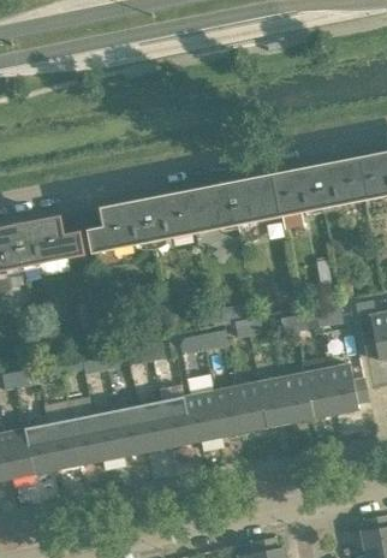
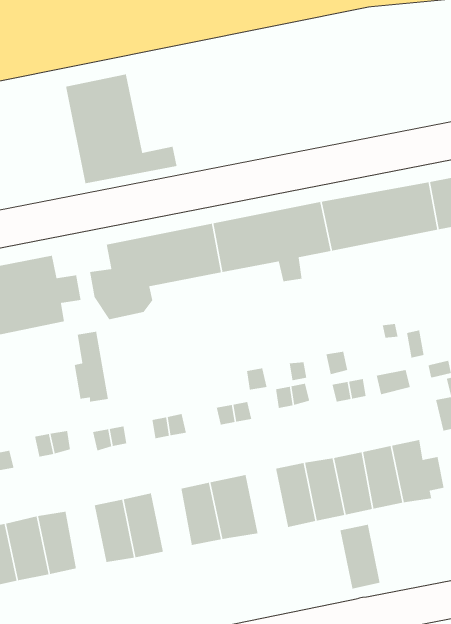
building: none -> [65,74,177,184]
building: [212,385,244,437] -> [339,524,381,589]
building: [137,400,168,451] -> none
building: [70,414,101,464] -> none

